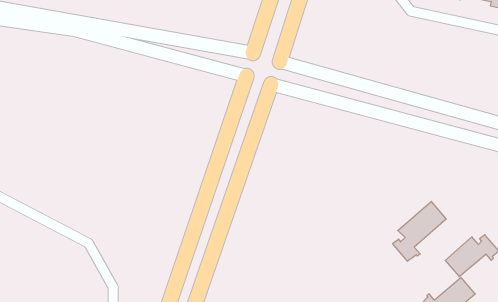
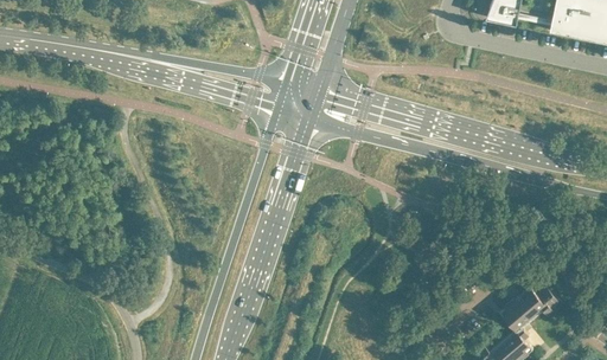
building: [393,201,446,261] -> none

